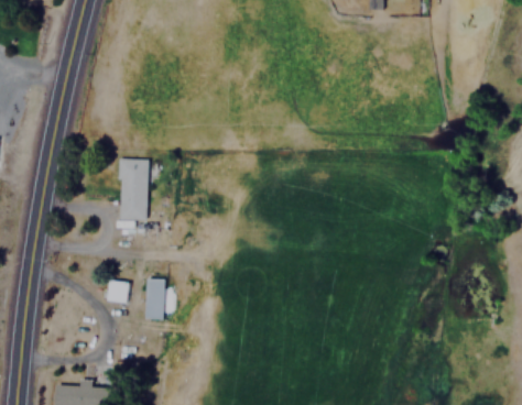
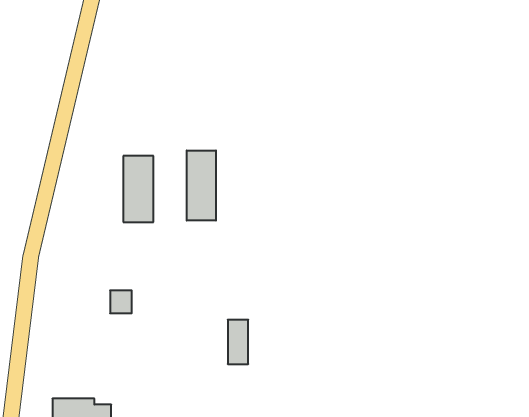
building: none -> [187,150,216,221]
building: [145,278,164,319] -> [228,320,248,364]

